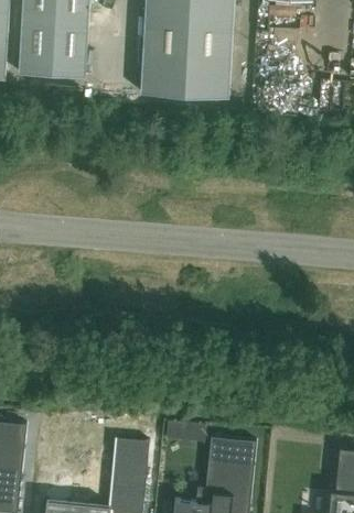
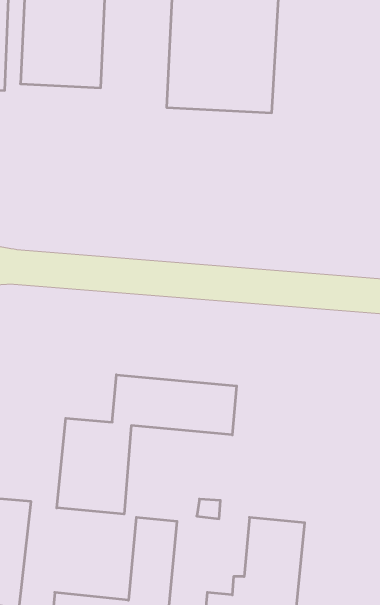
building: none -> [57,375,237,514]

